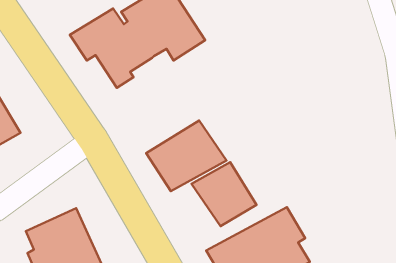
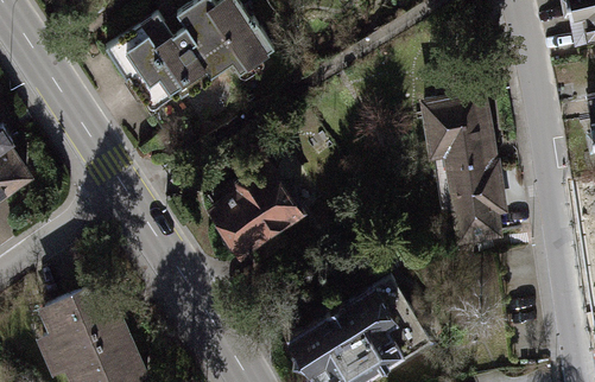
building: none -> [425,90,507,248]
building: [191,162,256,226] -> none

